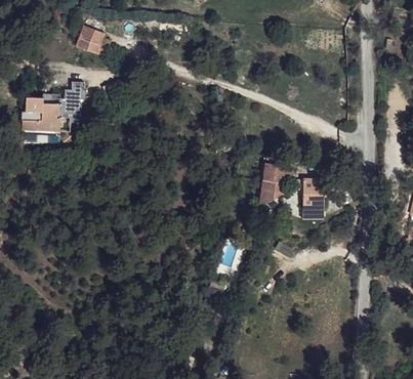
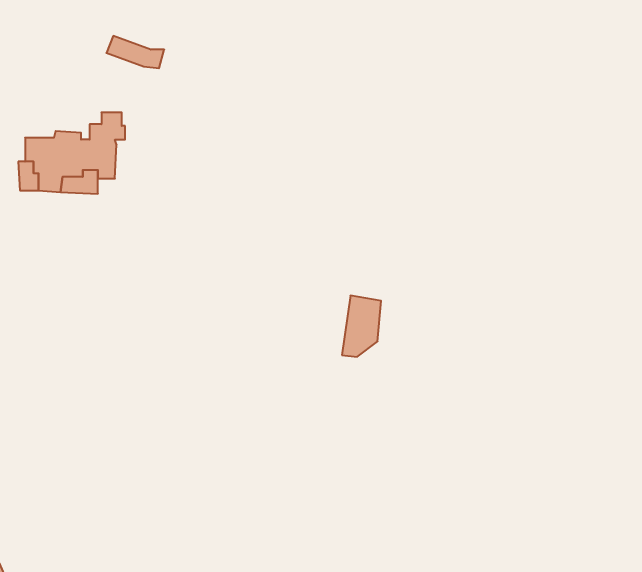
building: [258,165,282,202] -> [342,296,381,357]
building: [304,178,324,210] -> none

